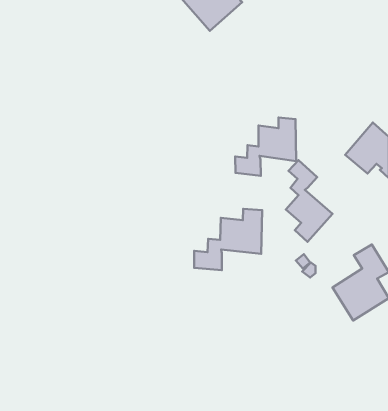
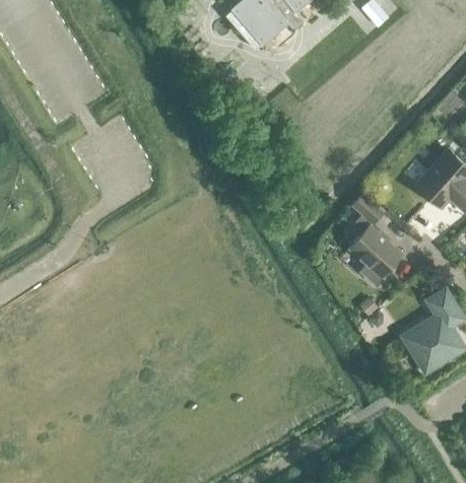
building: [235,117,296,176] -> none
building: [194,209,262,270] -> none

